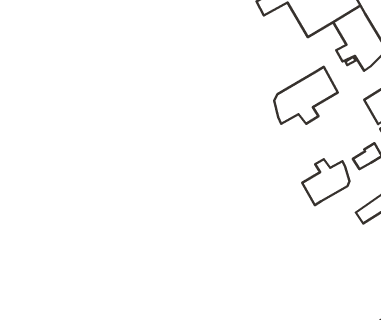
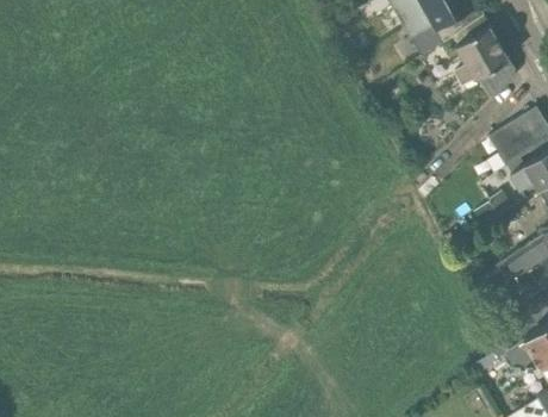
building: [274,67,338,124] -> none
building: [302,159,349,205] -> none

